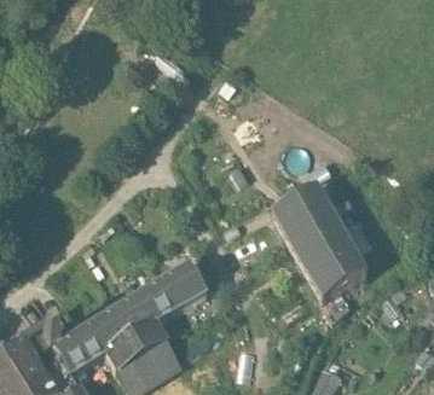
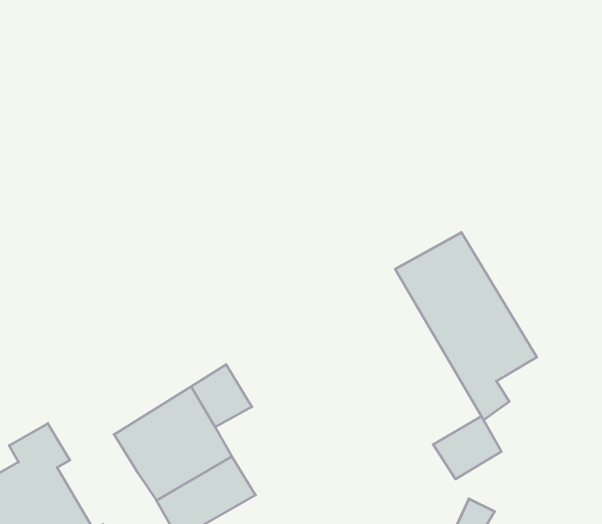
building: [163,262,207,304] -> none
building: none -> [433,416,501,479]
building: [52,323,105,371] -> none

